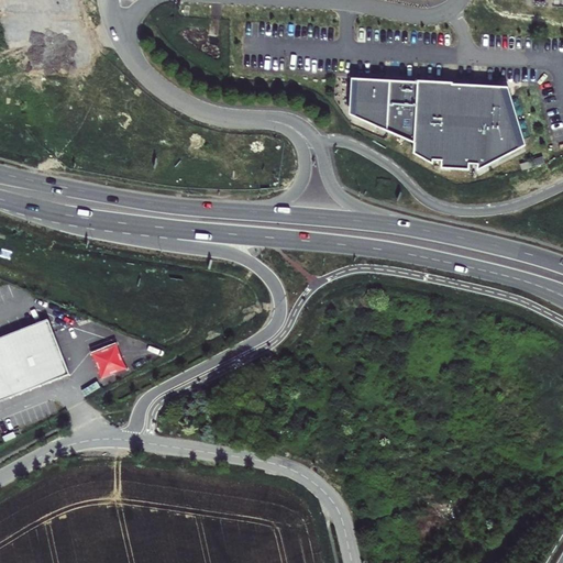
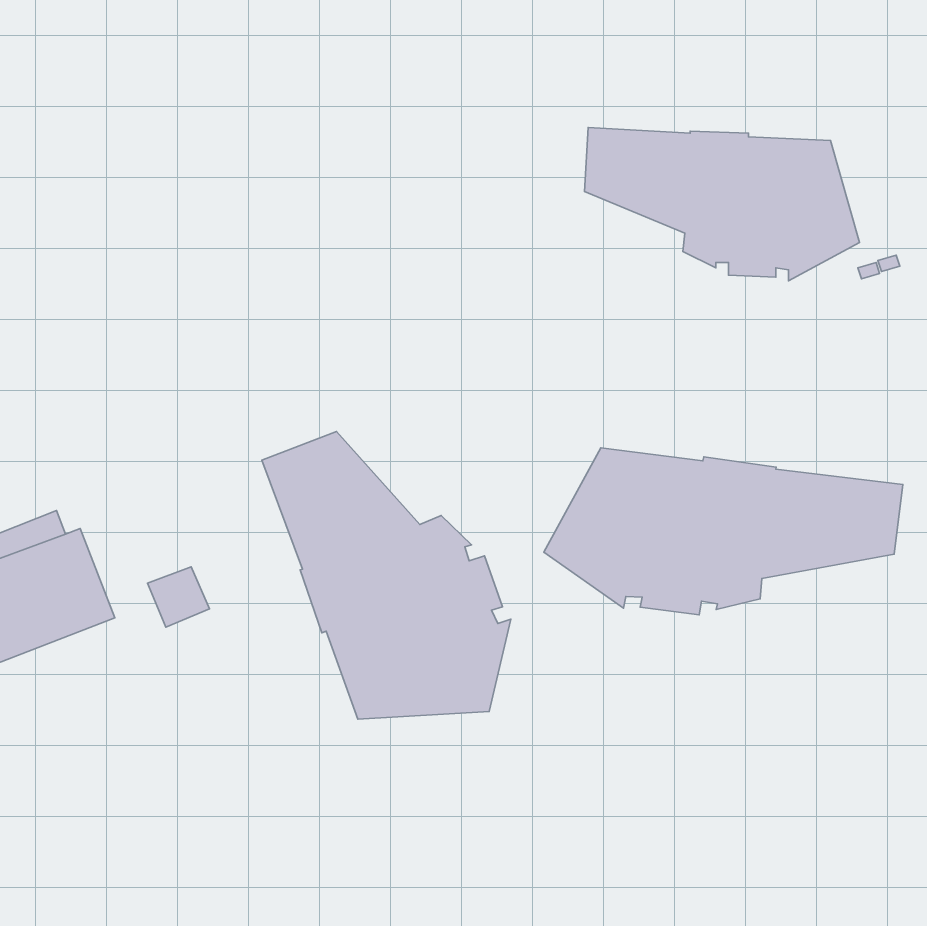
building: none -> [262,431,511,719]
building: none -> [544,448,903,615]

